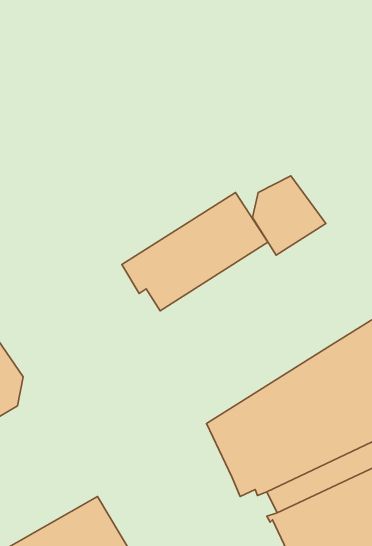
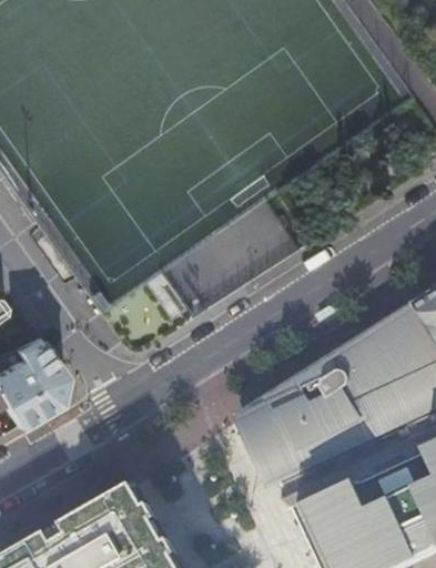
building: [252,176,326,255] -> none

